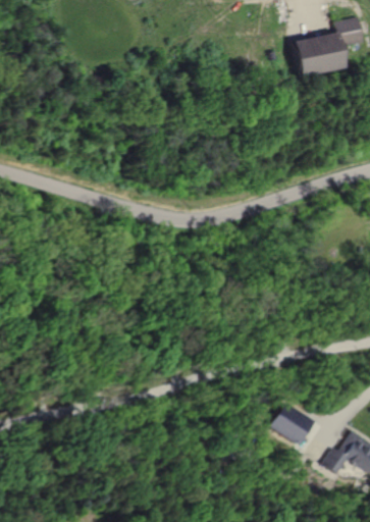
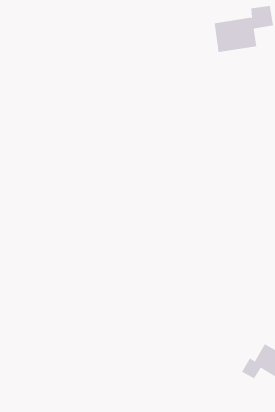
building: [270,405,315,448] -> none

